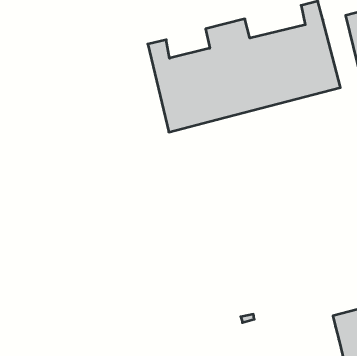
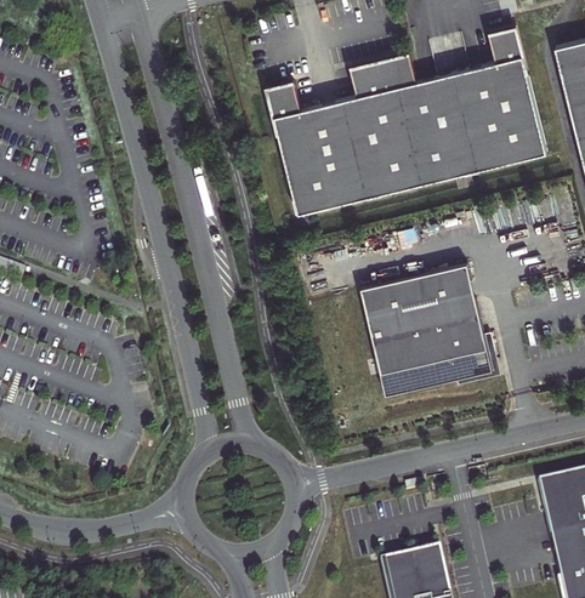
building: none -> [360,266,492,395]

